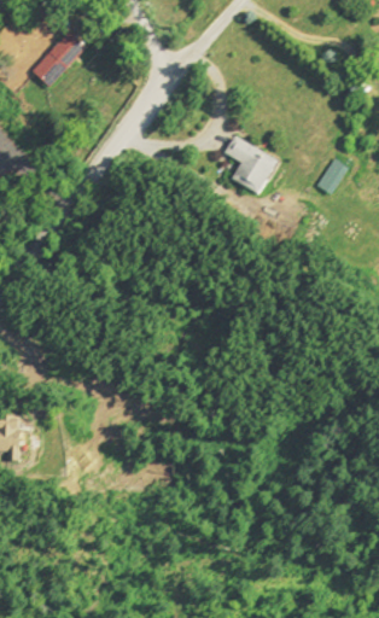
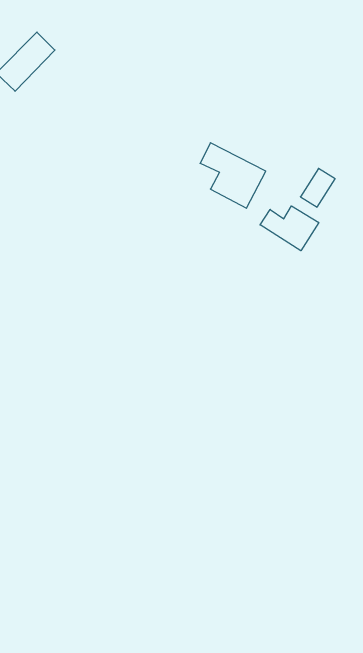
building: none -> [260,206,319,251]

